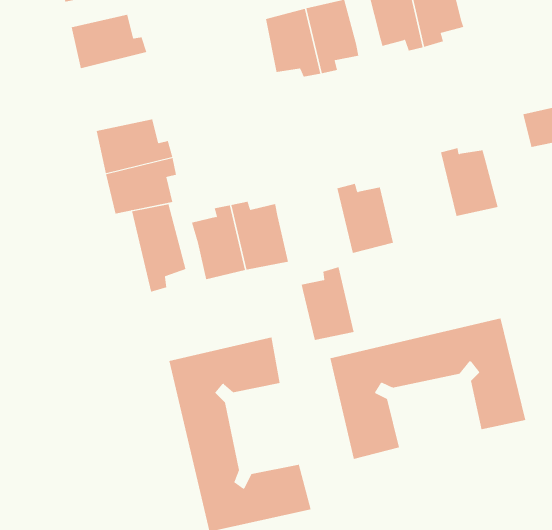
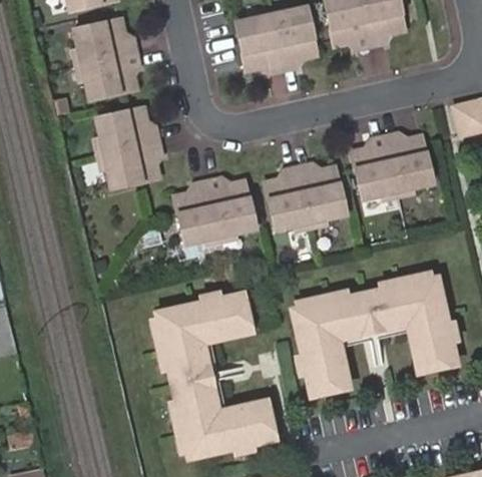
building: none -> [82,52,141,99]
building: none -> [352,136,398,198]
building: [132,203,186,293] -> none
building: [301,267,355,340] -> [266,166,311,228]

